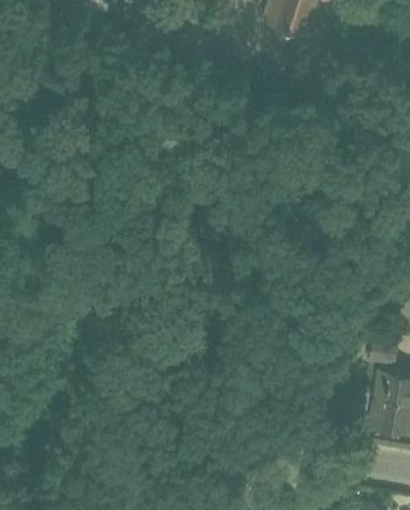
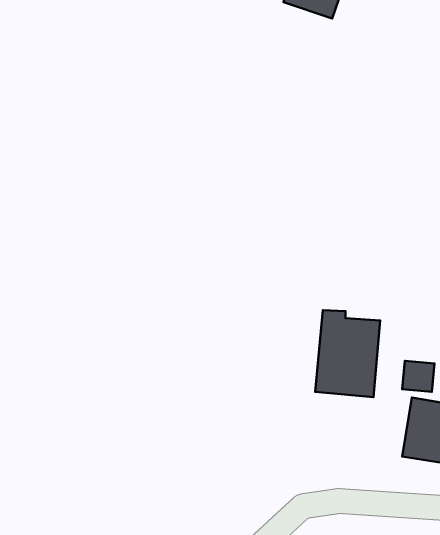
building: none -> [315,310,380,397]

